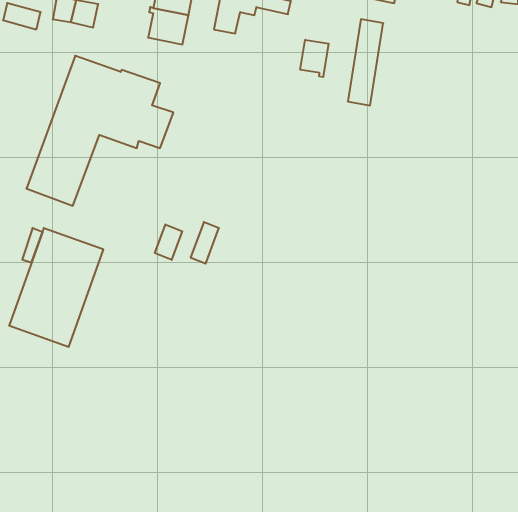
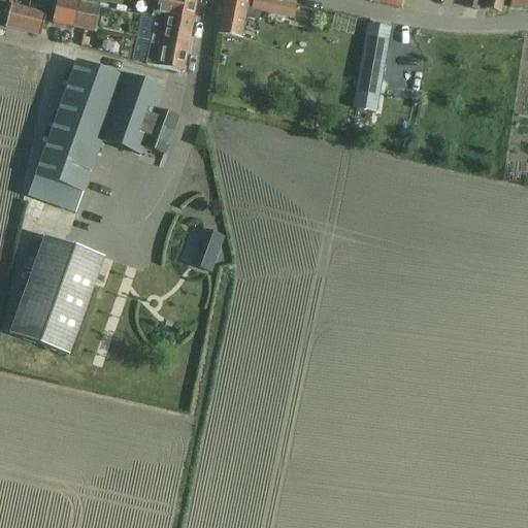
building: none -> [146,38,186,68]
building: [300,40,329,77] -> none
building: [155,224,182,260] -> none

